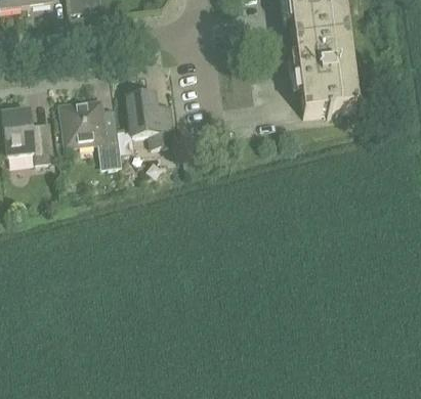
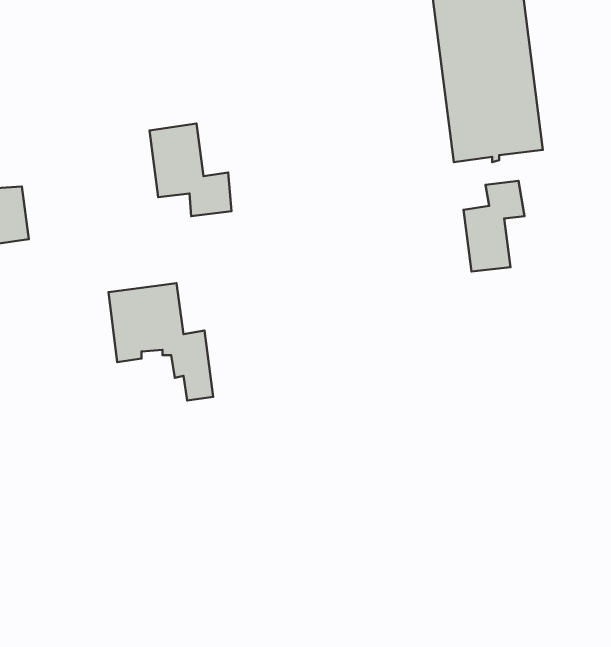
building: [59,99,121,168] -> [108,283,213,400]
building: none -> [464,181,524,271]

